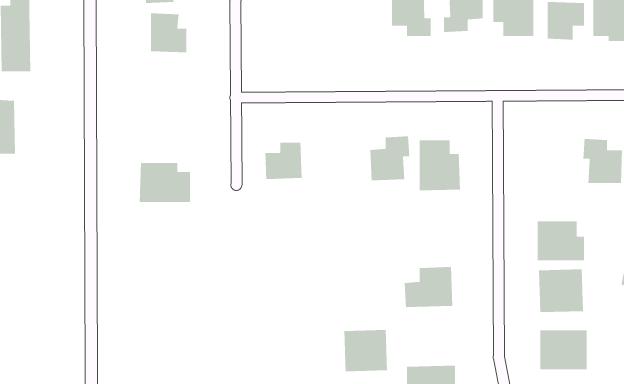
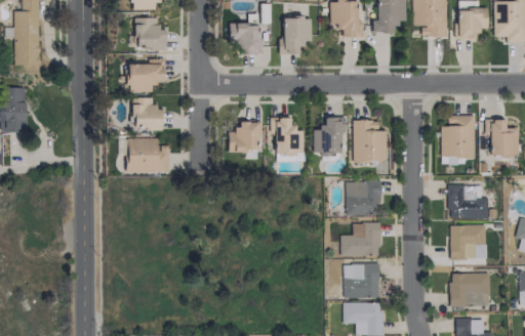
building: none -> [282,17,313,54]
building: none -> [231,24,260,53]
building: none -> [128,58,165,92]
building: none -> [134,97,164,129]
building: none -> [441,116,476,157]
building: none -> [271,117,304,154]
building: none -> [347,180,381,215]
building: [344,329,388,372] -> [345,263,380,298]

